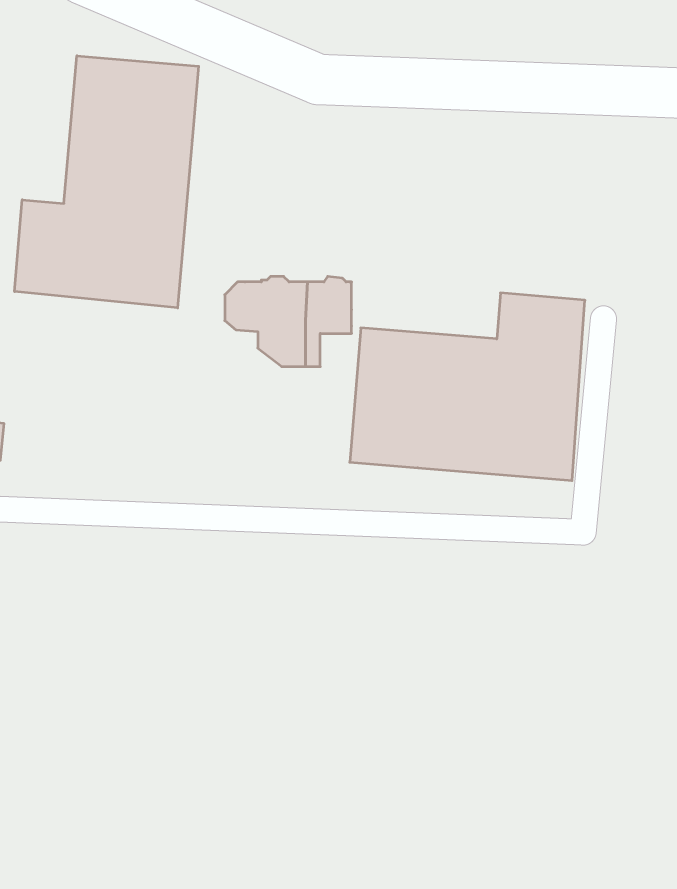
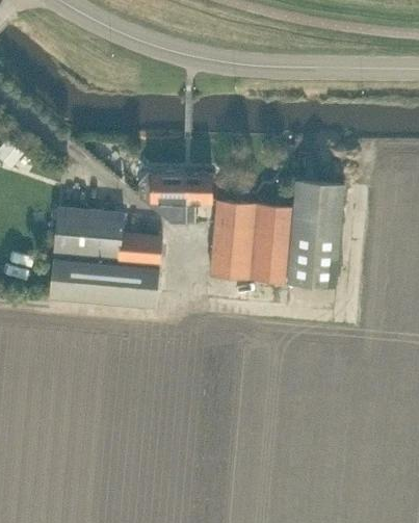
building: [15,56,199,308] -> none
building: none -> [50,208,162,307]

